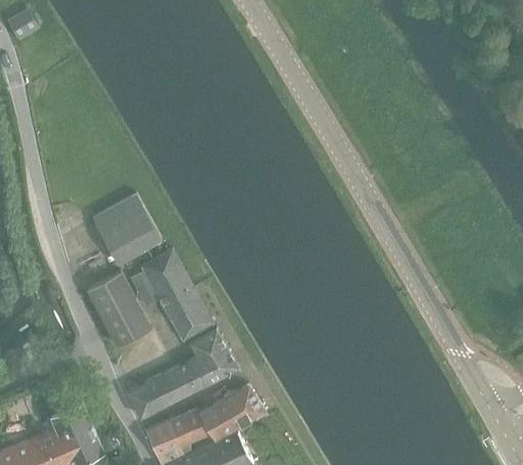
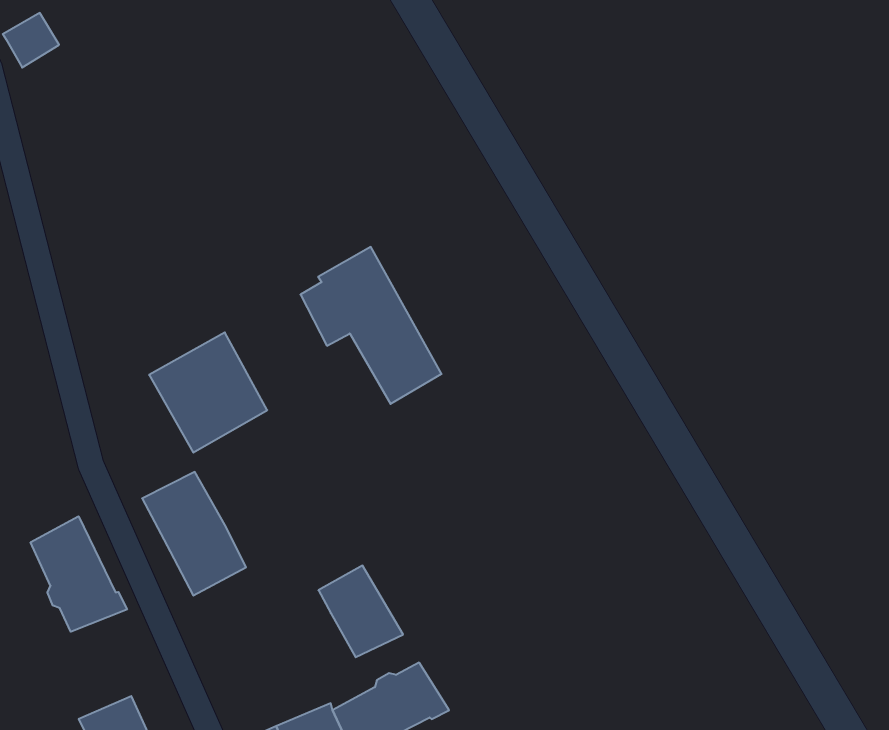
building: [130,249,211,340] -> [300,247,442,404]
building: none -> [31,516,127,632]
building: [126,356,210,418] -> none

